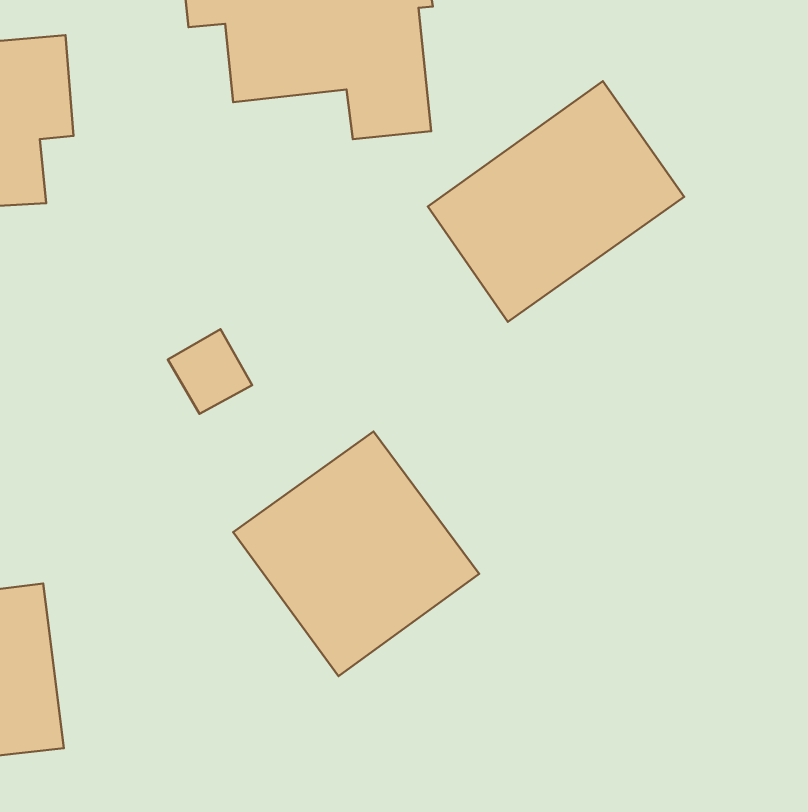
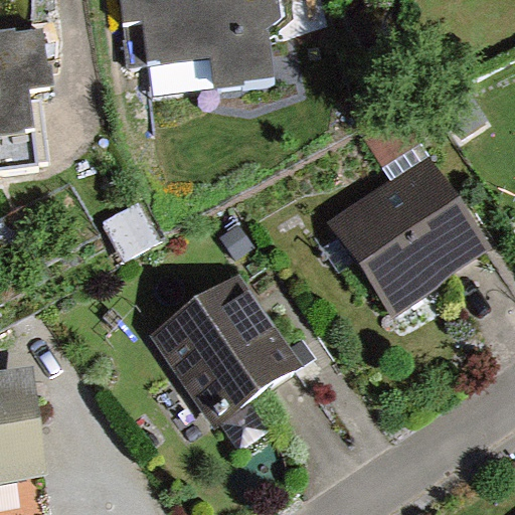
building: [428,81,684,322] -> none
building: none -> [330,158,489,315]

